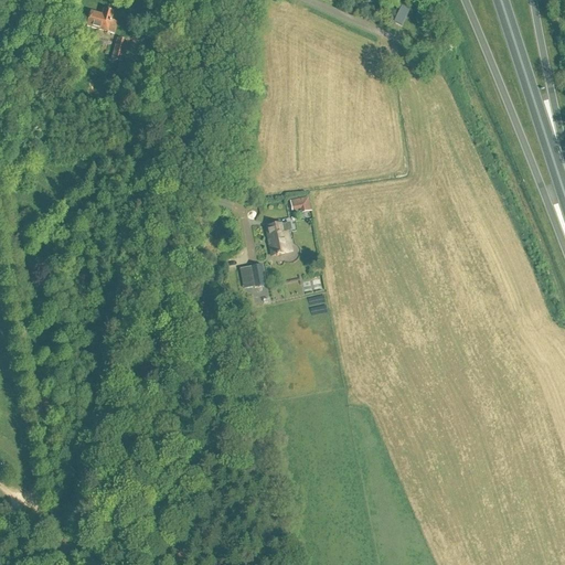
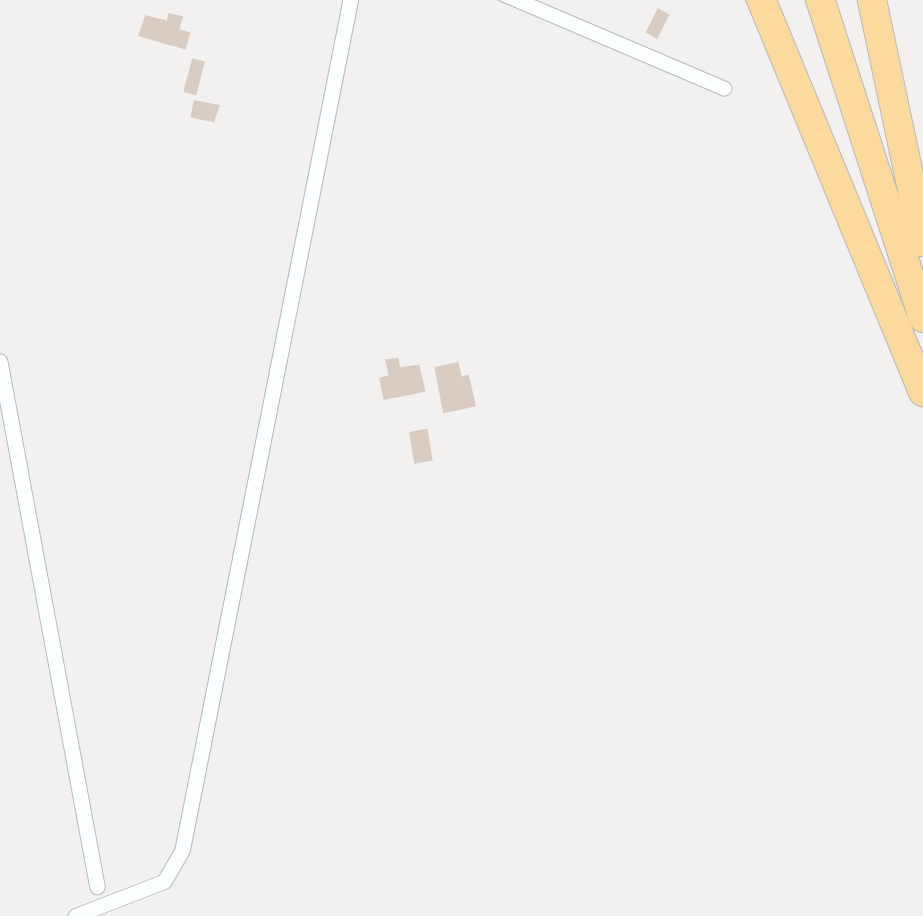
building: none -> [378,357,426,401]

